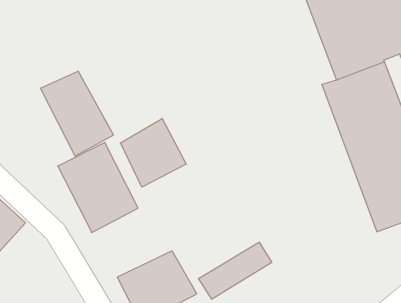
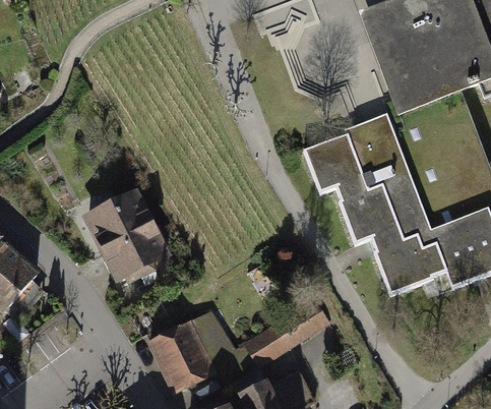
building: [41,71,113,156] -> none
building: none -> [303,117,445,295]
building: [120,118,186,187] -> none

